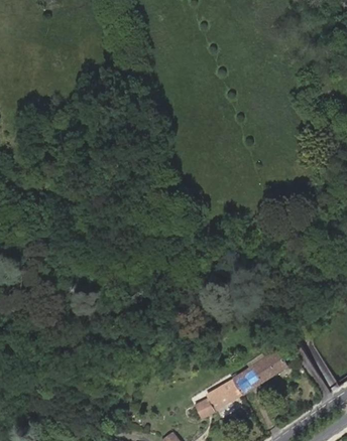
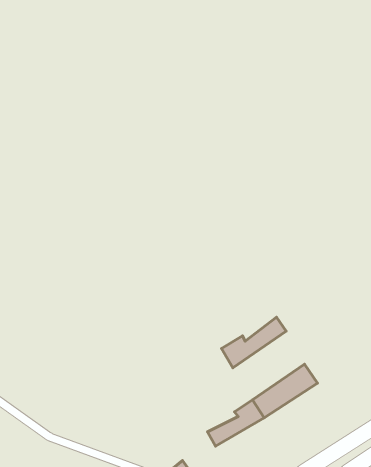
building: none -> [221,317,286,368]

